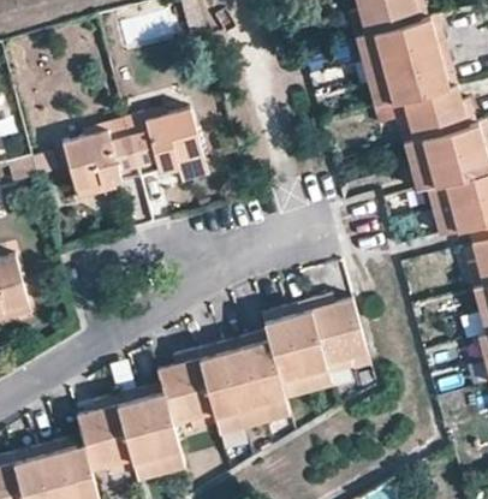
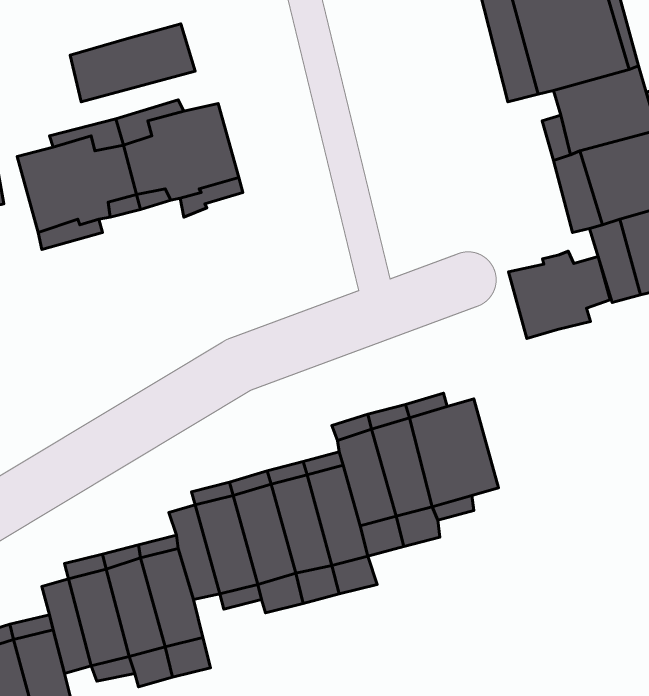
building: none -> [70,24,195,102]
building: none -> [508,251,610,338]

